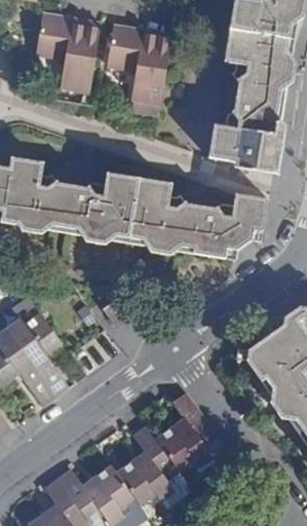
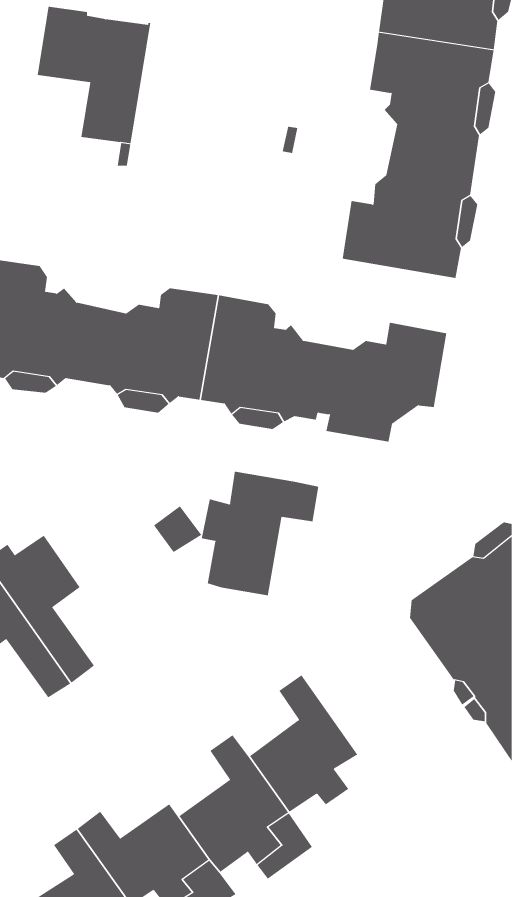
building: [106,26,170,104] -> none
building: none -> [201,471,319,596]

